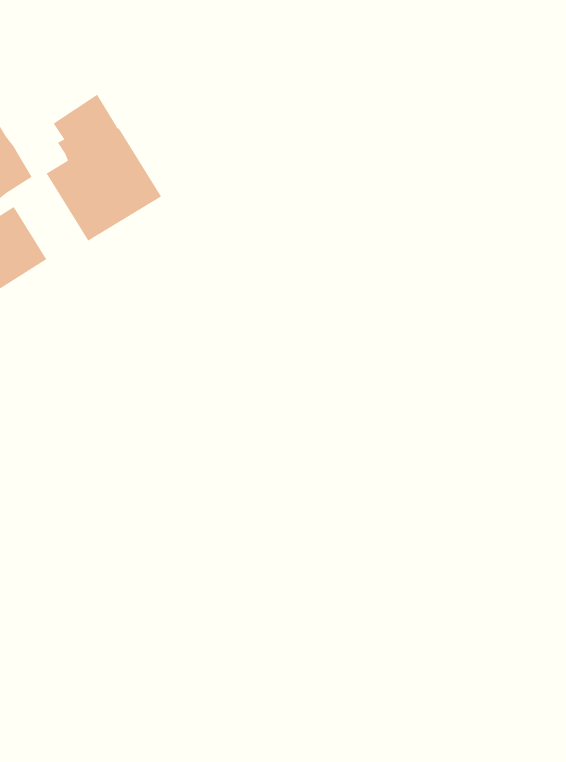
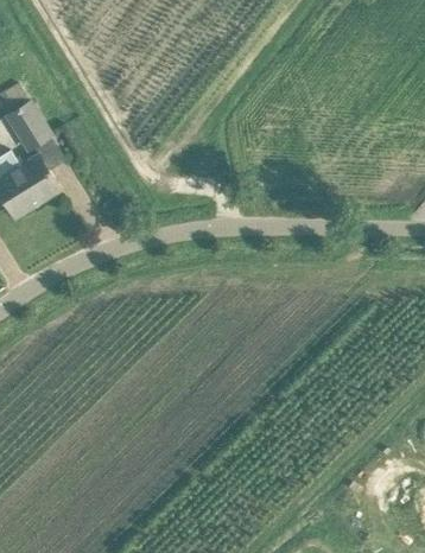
building: [46,94,162,242] -> none

